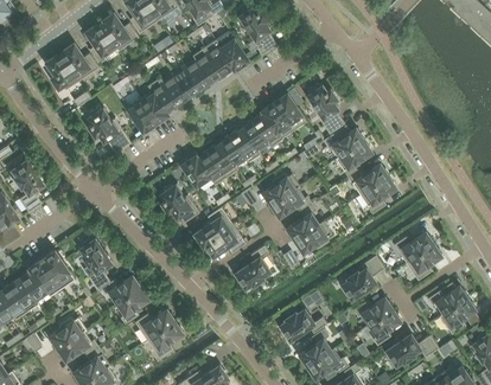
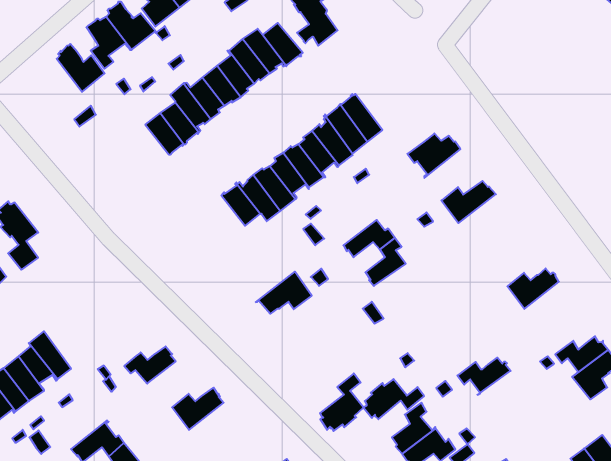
building: [46,56,81,91] -> none
building: [307,85,345,136] -> none
building: [88,108,130,155] -> none
building: [336,141,371,179] -> none
building: [263,175,299,208] -> none
building: [359,177,396,214] -> none
building: [161,186,199,225] -> none
building: [195,208,234,248] -> none
building: [293,223,331,254] -> none
building: [81,240,111,293] -> none
building: [406,245,440,282] -> none
building: [236,246,269,289] -> [320,373,364,431]
building: [42,252,75,290] -> none
building: [342,257,384,300] -> none
building: [117,289,148,326] -> none
building: [366,310,398,347] -> none
building: [50,319,85,351] -> none
building: [147,322,183,359] -> none
building: [387,336,439,366] -> none

